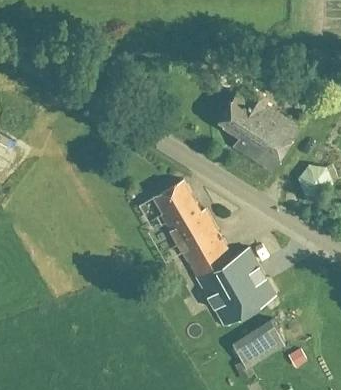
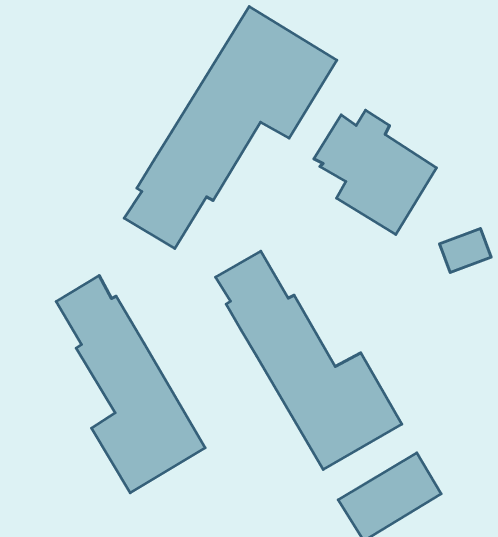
building: none -> [124,7,337,248]
building: none -> [56,276,205,493]

